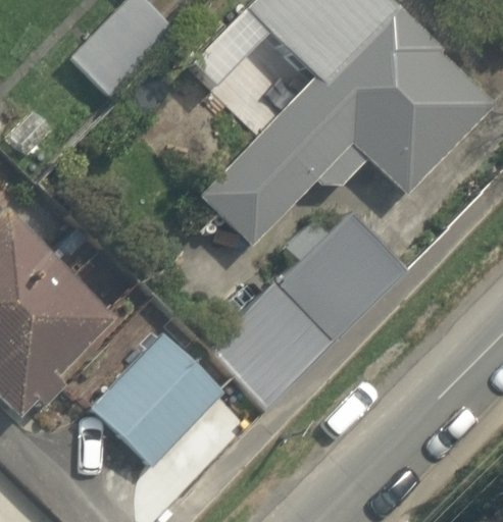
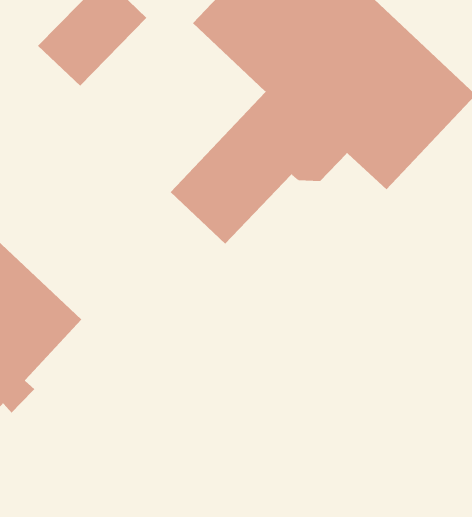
building: [208,211,408,408] -> none
building: [91,331,225,466] -> none

